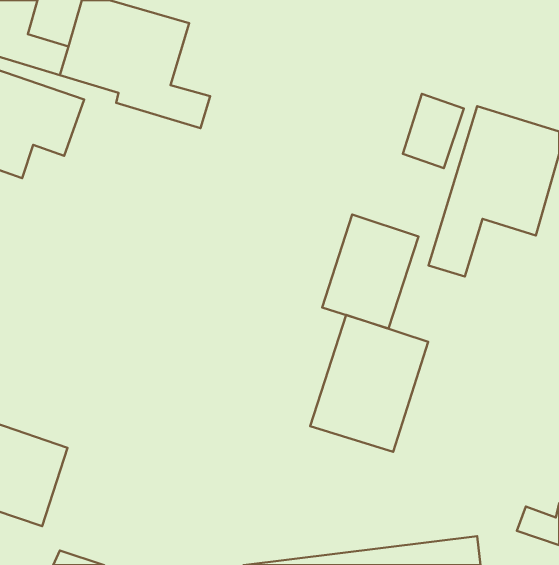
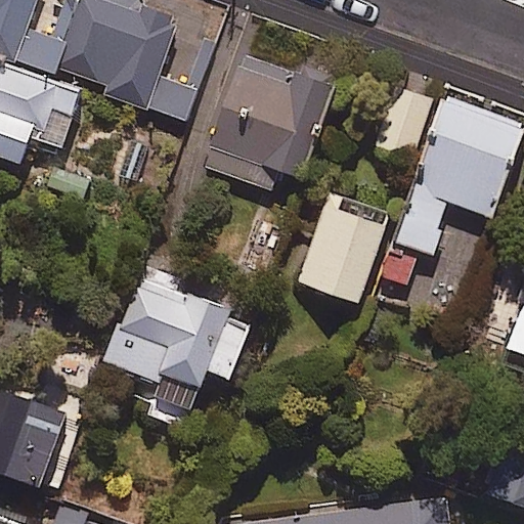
building: none -> [204,57,333,190]
building: none -> [104,267,252,399]
building: [310,315,428,452] -> none

